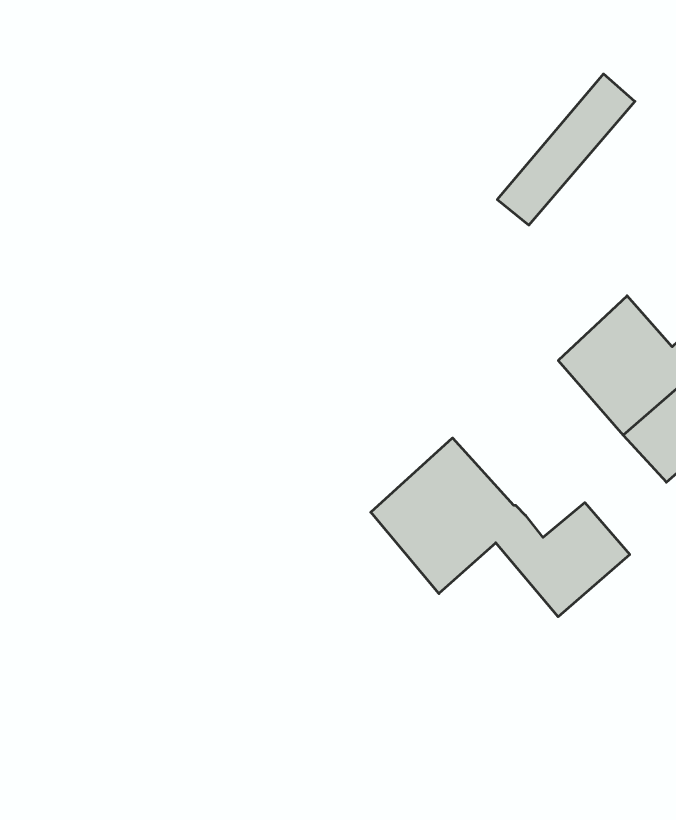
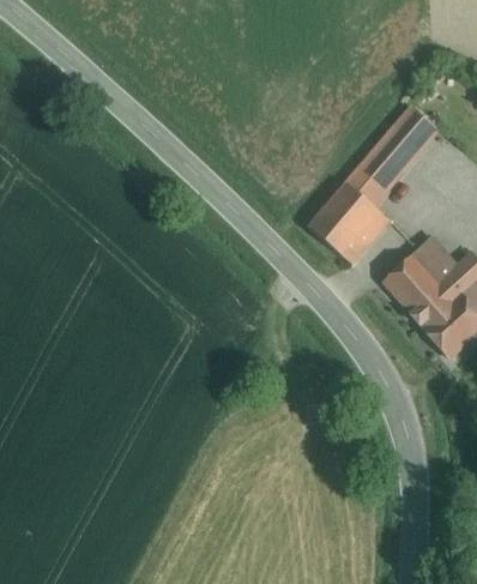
building: none -> [308,182,391,264]
building: [371,438,630,617] -> none

